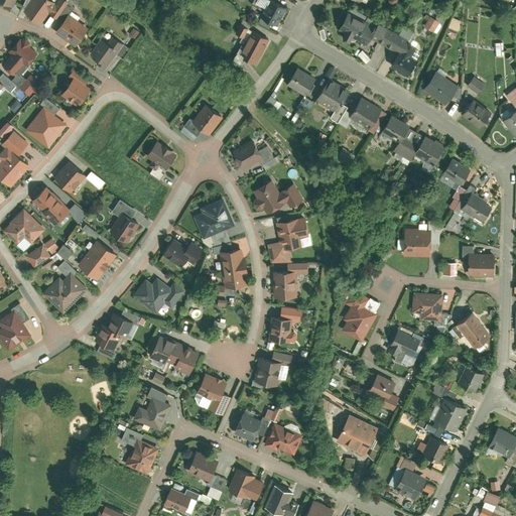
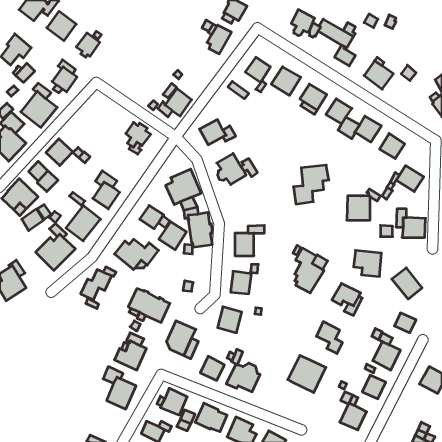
building: [462,100,492,129] -> none
building: [267,219,308,264] -> [293,165,329,204]
building: none -> [159,222,186,250]

